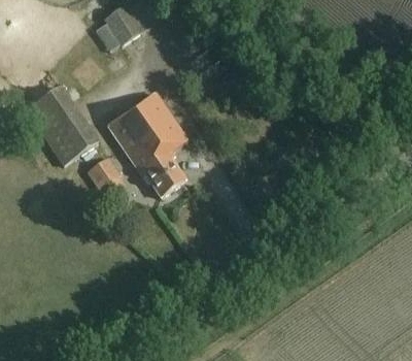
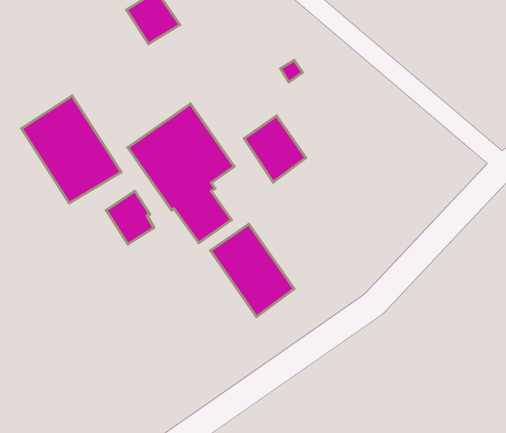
building: none -> [244,116,306,182]
building: none -> [210,224,294,317]

